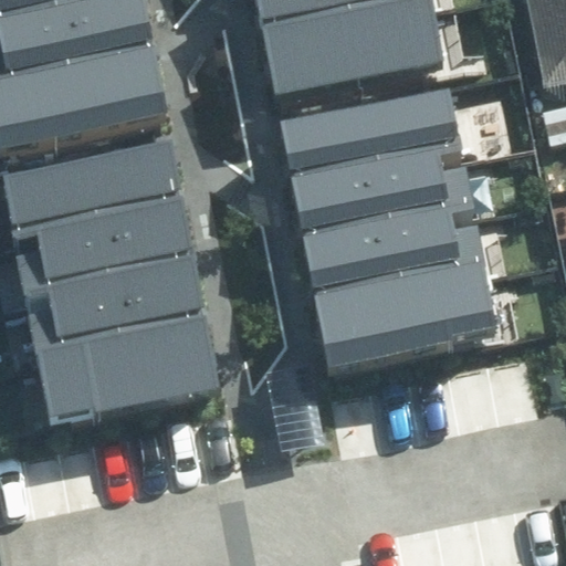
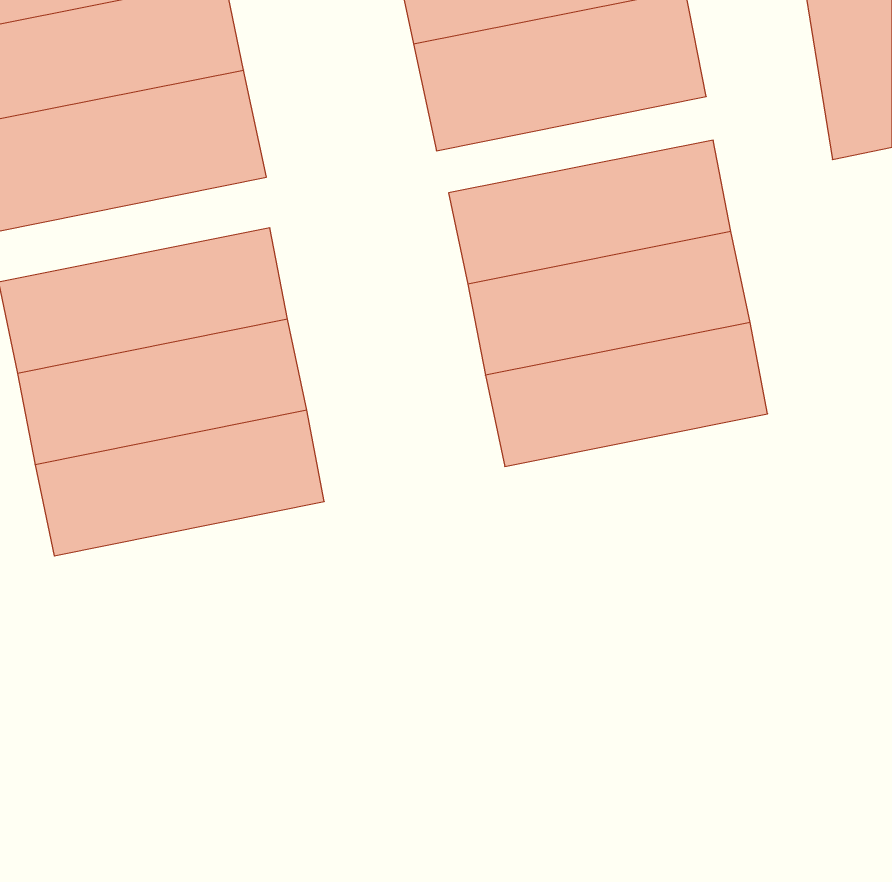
building: [318,261,499,361] -> none
building: [34,316,219,418] -> none

